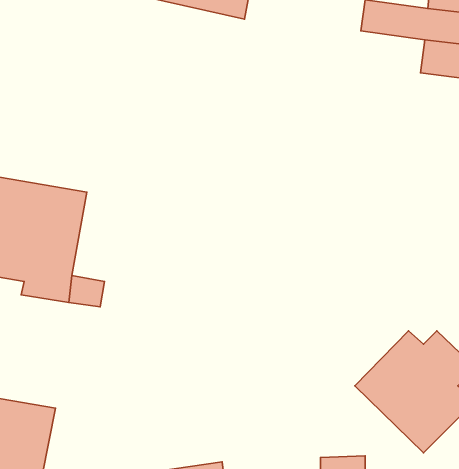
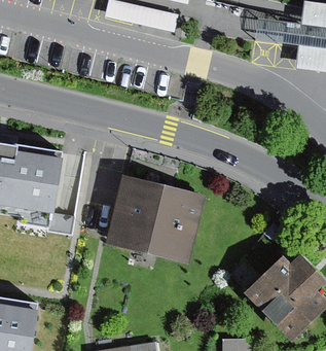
building: none -> [110,171,206,256]

